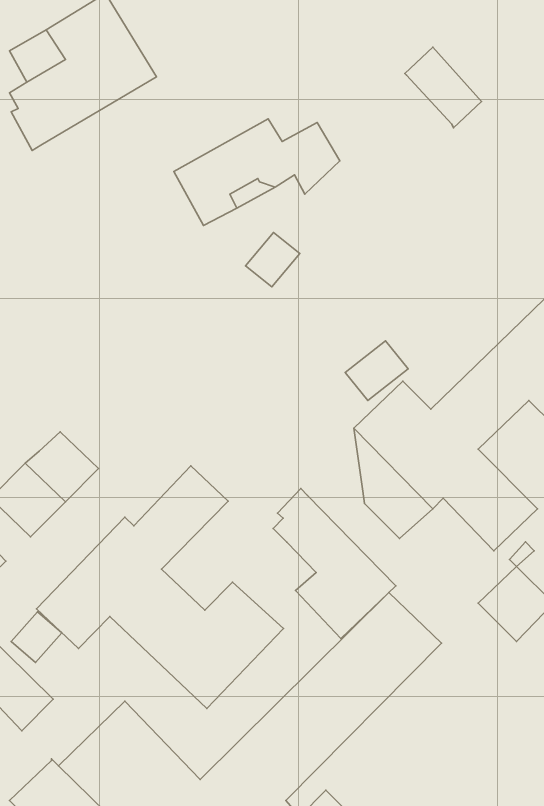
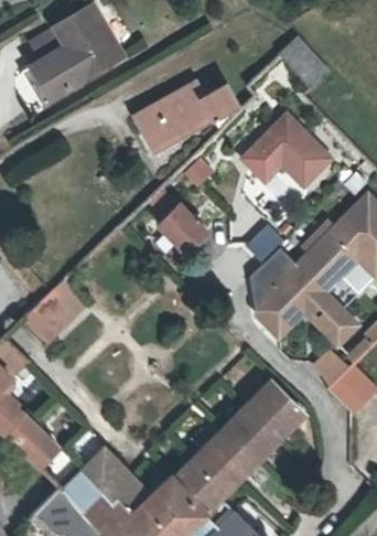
building: none -> [240,112,335,191]
building: none -> [163,199,212,245]
building: [37,466,283,709] -> none
building: [273,489,396,638] -> none

